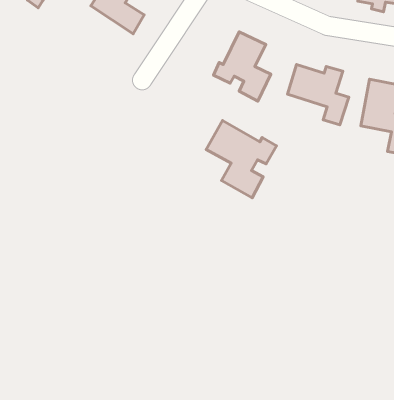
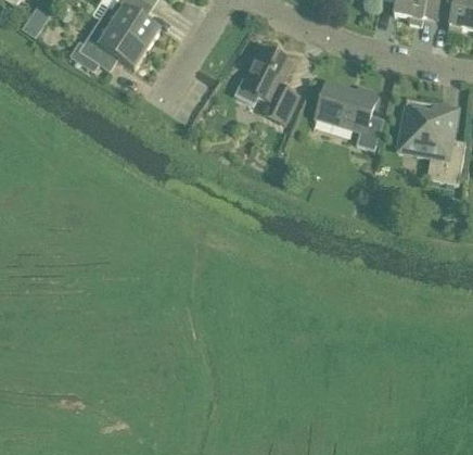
building: none -> [78,17,148,67]
building: [206,121,277,198] -> none

